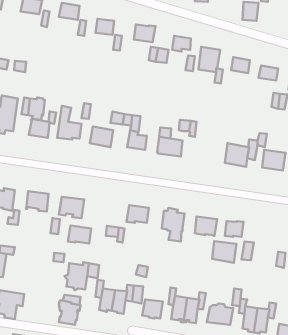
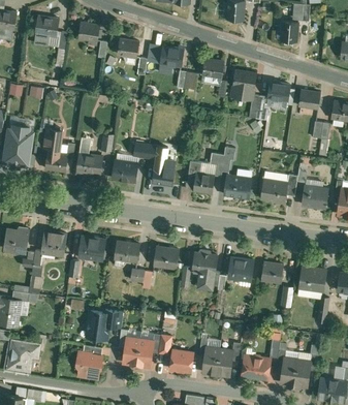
building: none -> [225,175,251,197]
building: [68,226,91,243] -> [114,241,139,260]
building: [212,241,237,263] -> [299,268,326,291]

